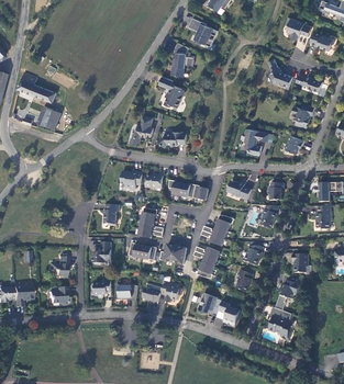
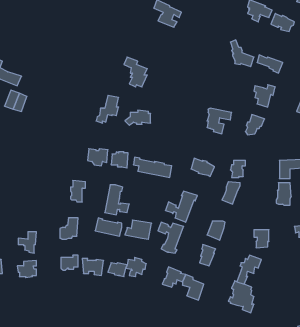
building: [170,42,193,76] -> none

